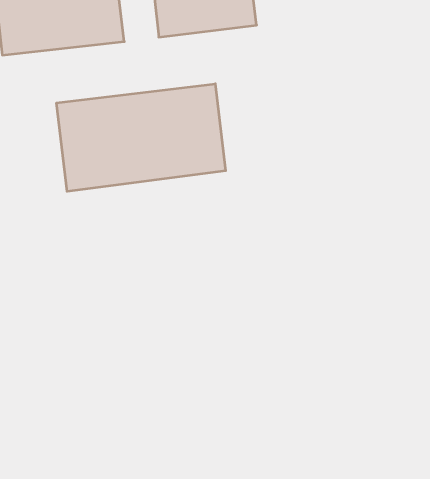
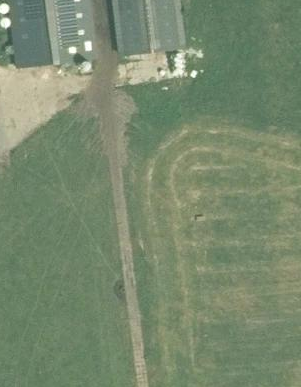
building: [57,84,226,191] -> none

